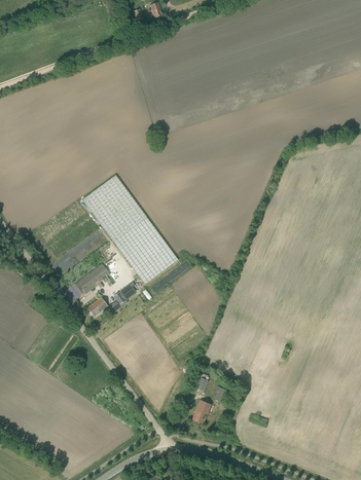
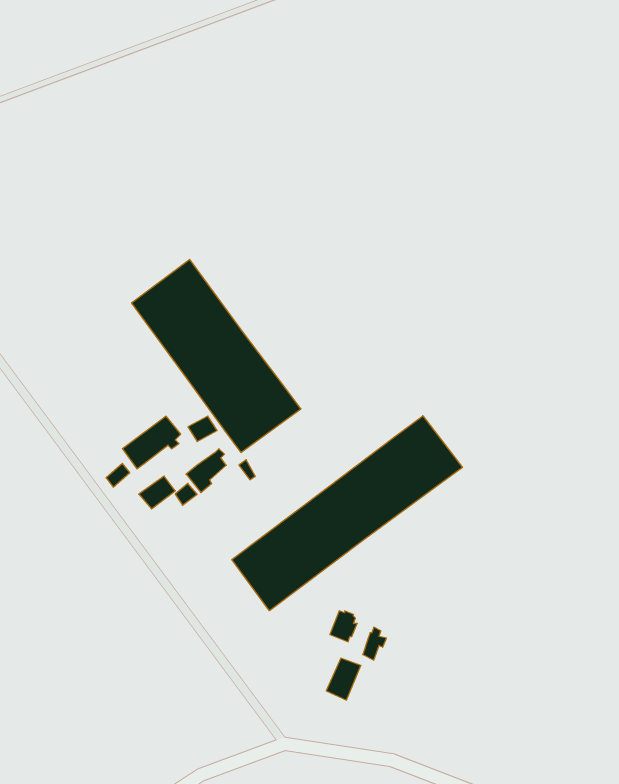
building: none -> [232,416,462,611]

